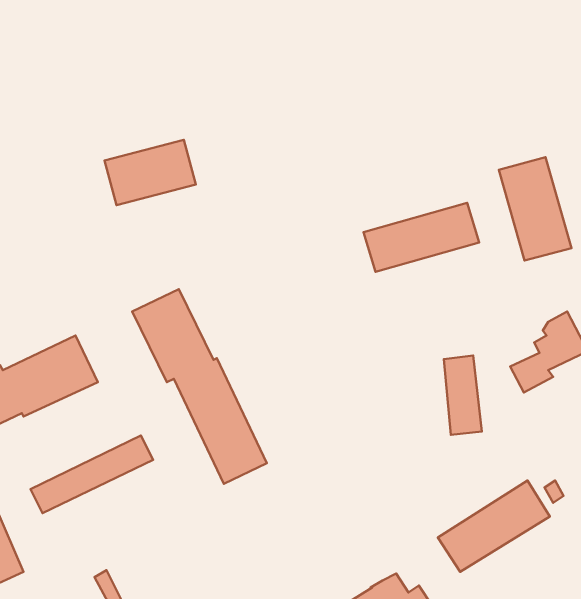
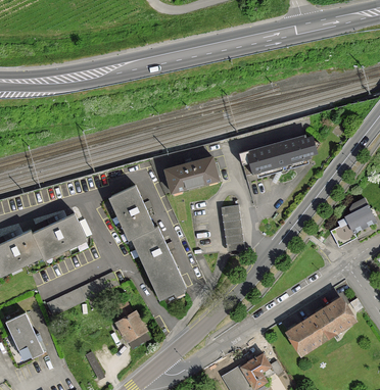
building: [104,140,196,205] -> [163,156,218,195]
building: [499,157,571,261] -> none
building: [444,356,482,435] -> [221,204,243,251]
building: none -> [112,308,150,349]

